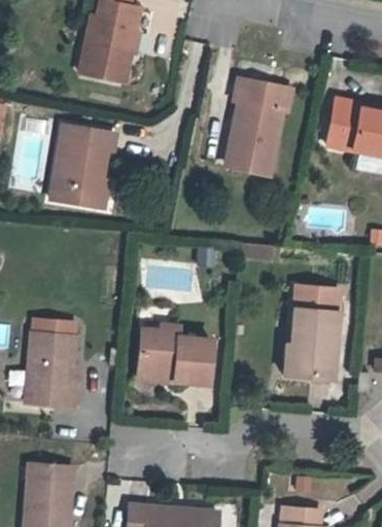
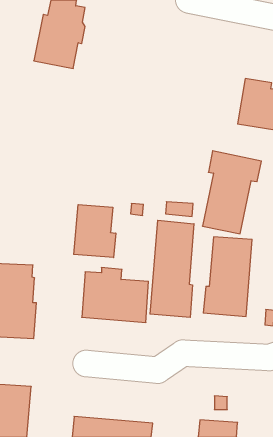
building: [223,76,294,176] -> [202,151,261,234]
building: [49,126,116,210] -> none
building: none -> [74,205,116,258]
building: none -> [150,220,194,317]

